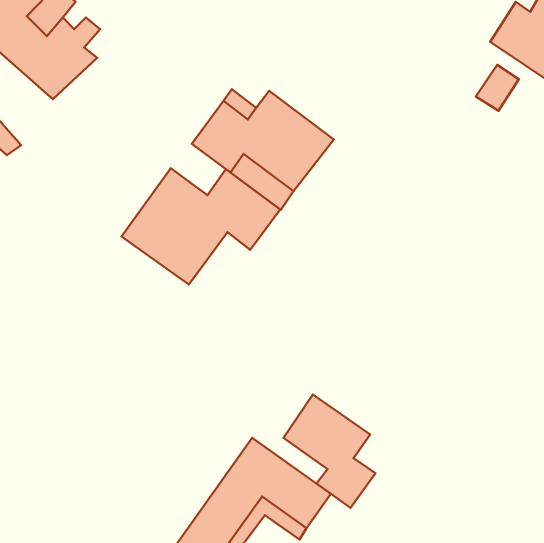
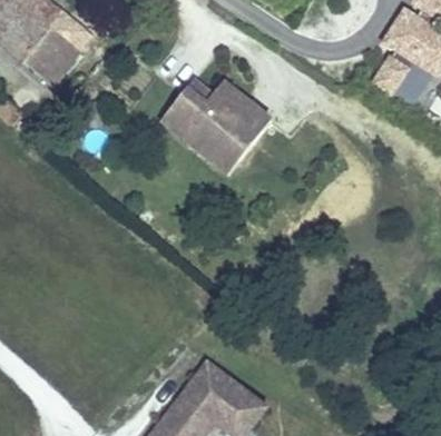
building: [121,168,280,285] -> none
building: [283,394,375,508] -> none

